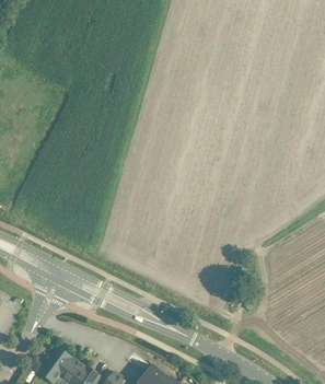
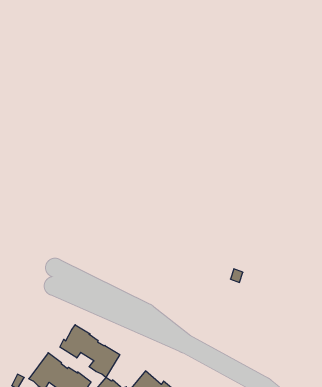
building: none -> [60,325,120,378]

